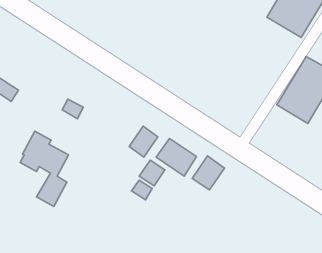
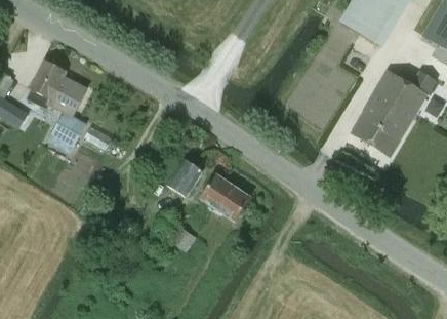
building: [20,131,69,207] -> [27,59,87,154]
building: [192,156,224,190] -> none
building: [139,160,165,186] -> none

